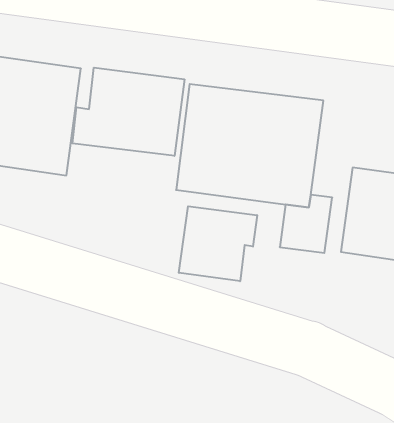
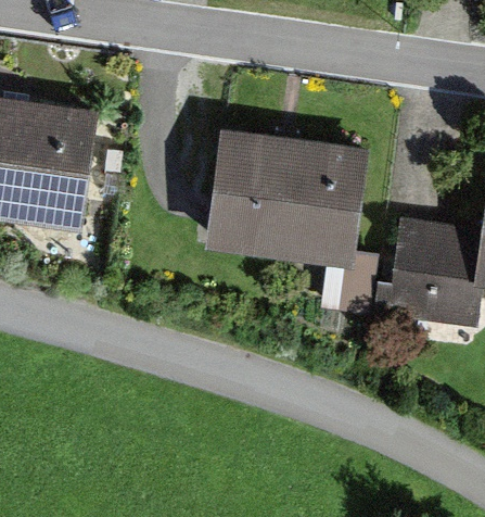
building: [72,68,184,156] -> none
building: [179,206,257,281] -> none

